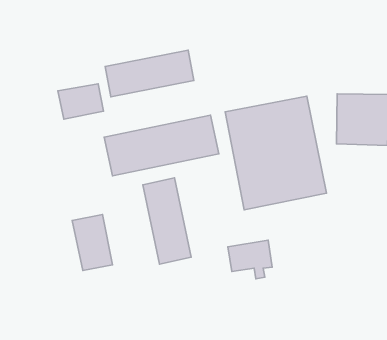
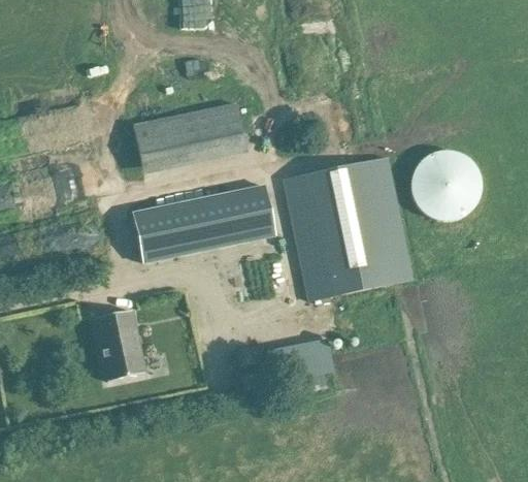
building: [58,84,104,119] -> none
building: [143,178,191,264] -> none

